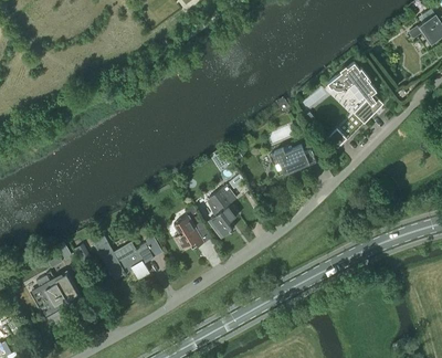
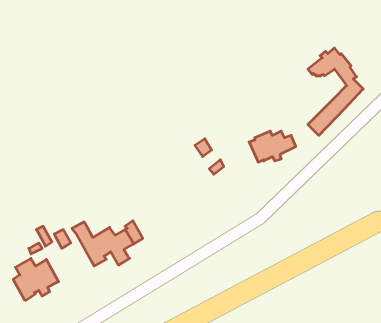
building: [208,185,239,238] -> none
building: [173,215,204,250] -> none

